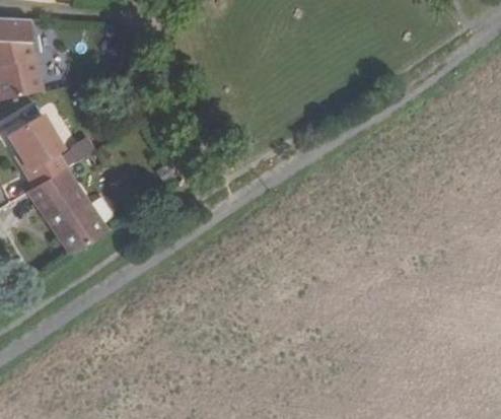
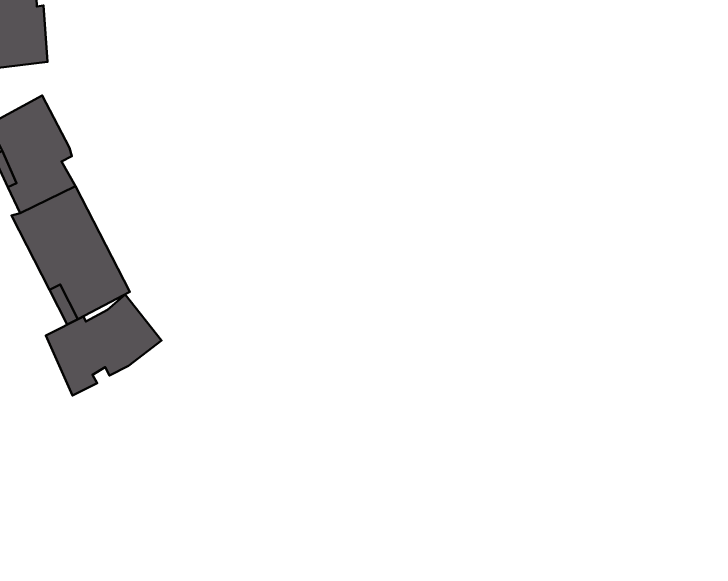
building: none -> [46,295,162,395]

